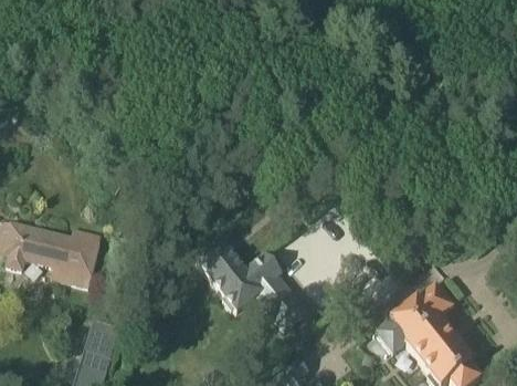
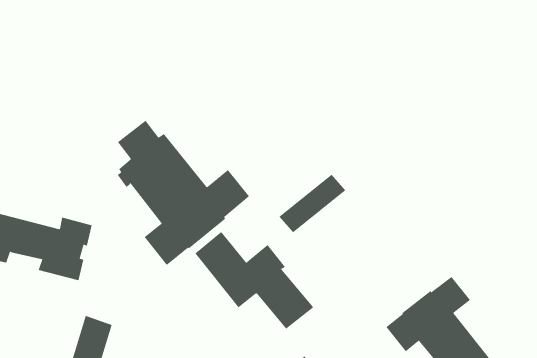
building: none -> [117,120,250,266]
building: none -> [279,174,346,233]

